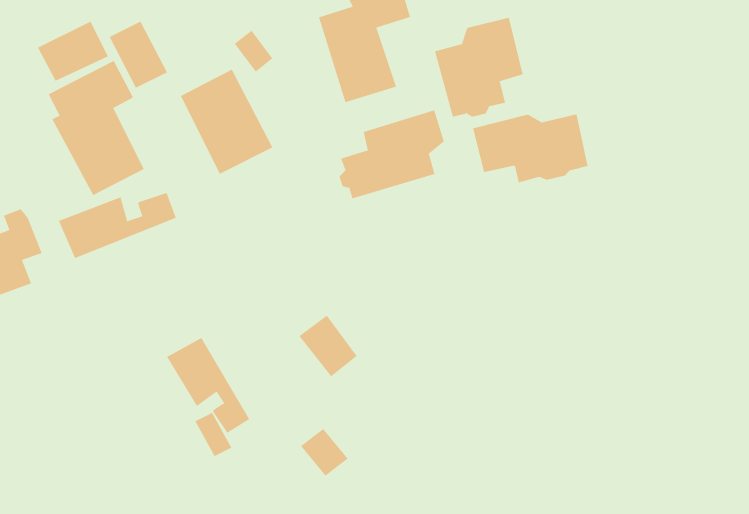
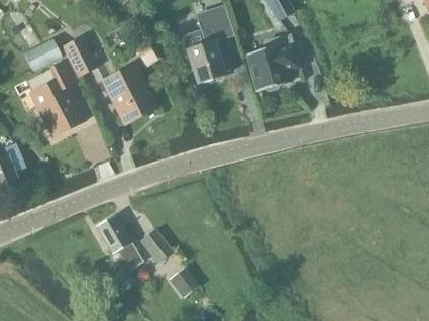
building: [339,109,445,199] -> none
building: [472,114,588,183] -> none
building: [58,192,177,259] -> none
building: [299,315,358,377] -> [139,229,173,264]

